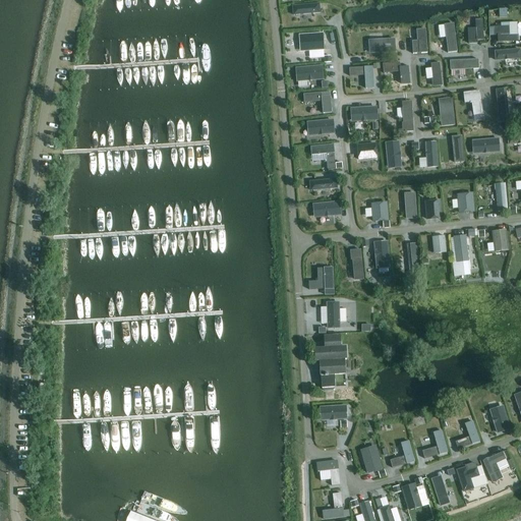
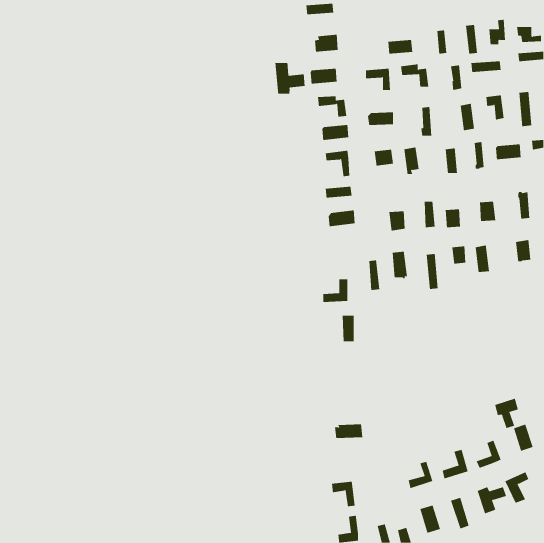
building: none -> [275,62,305,94]
building: [314,334,347,390] -> none
building: none -> [495,398,519,429]
building: [360,445,383,473] -> none

